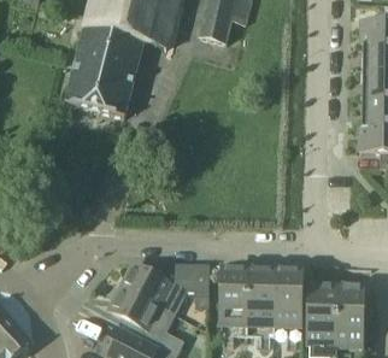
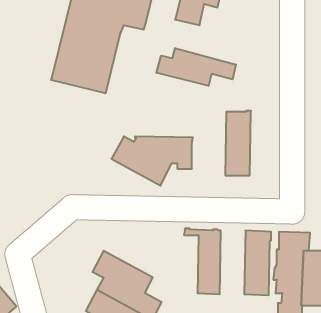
building: none -> [157,48,236,86]
building: [123,262,211,315] -> [111,136,193,186]
building: [248,263,276,333] -> [225,111,251,175]

